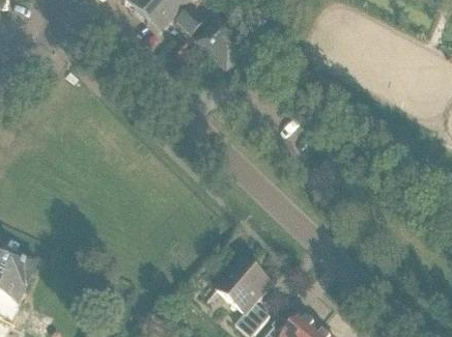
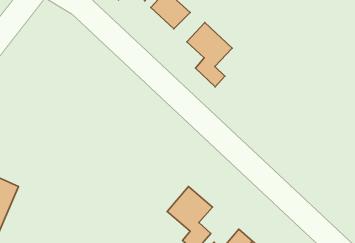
building: none -> [187,23,232,87]

